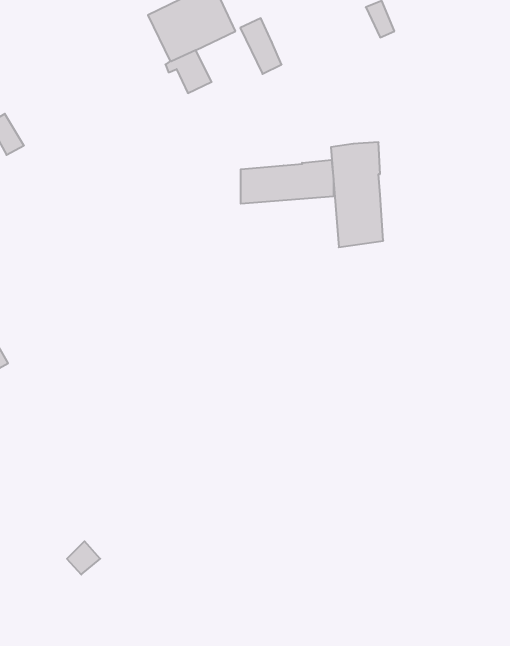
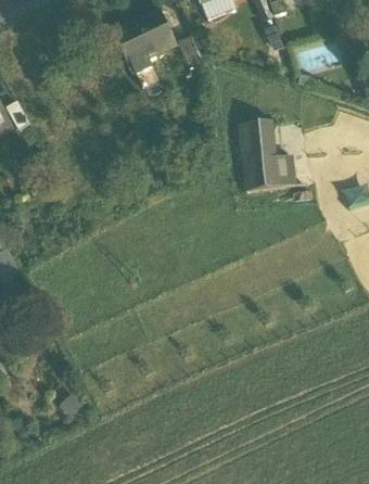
building: [241,160,333,204] -> none
building: none -> [273,155,294,187]

